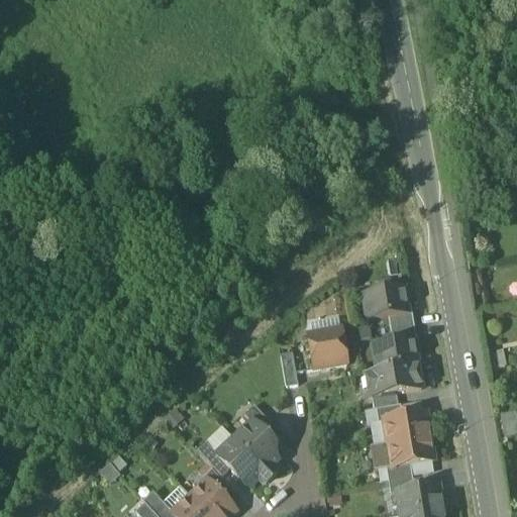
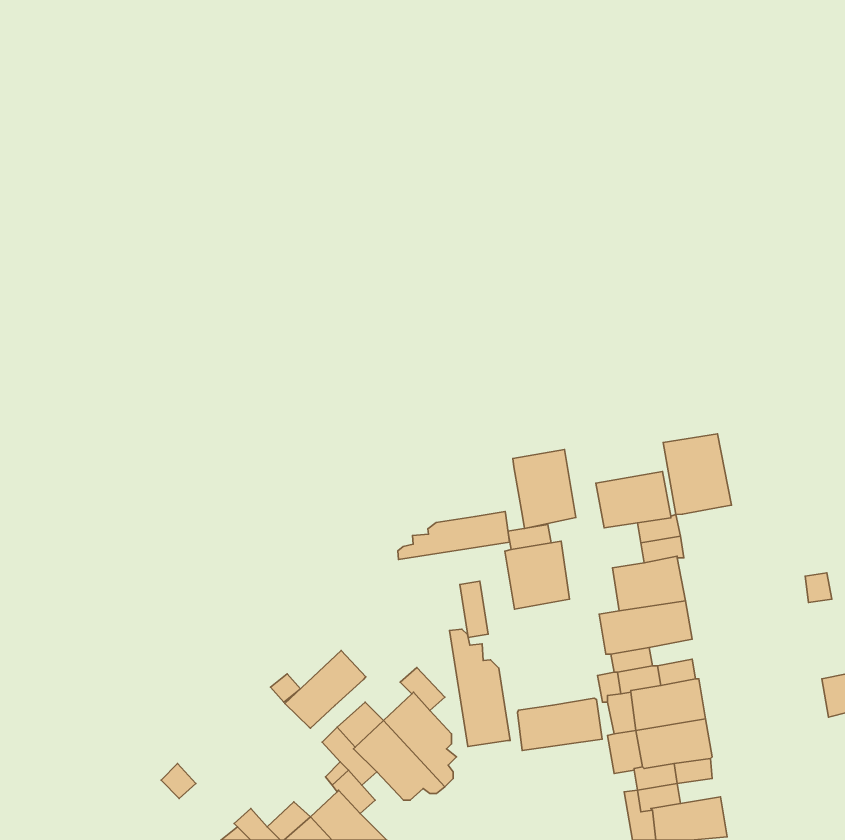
building: none -> [663,434,731,515]
building: none -> [513,450,576,528]
building: none -> [398,512,510,560]
building: none -> [450,629,510,746]
building: none -> [285,651,366,728]
building: none -> [517,698,602,751]

